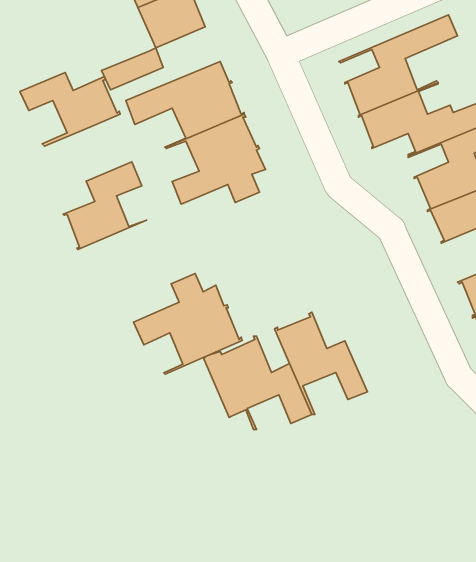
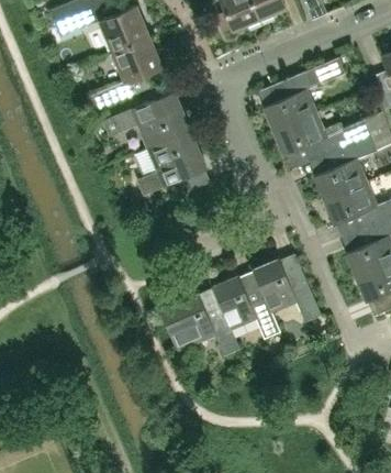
building: [20,73,120,146] -> none
building: [63,162,147,249] -> none
building: [133,274,242,374] -> none
building: none -> [253,254,323,333]

